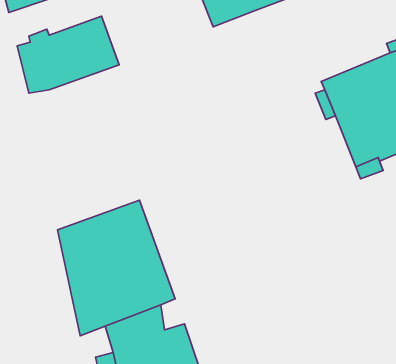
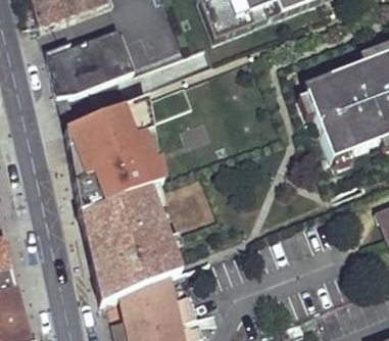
building: none -> [64,84,192,212]

